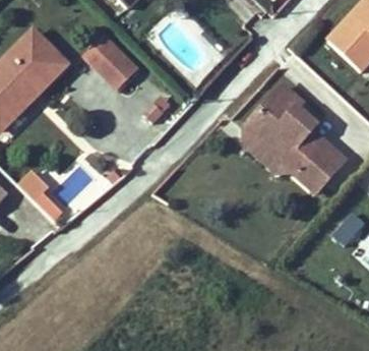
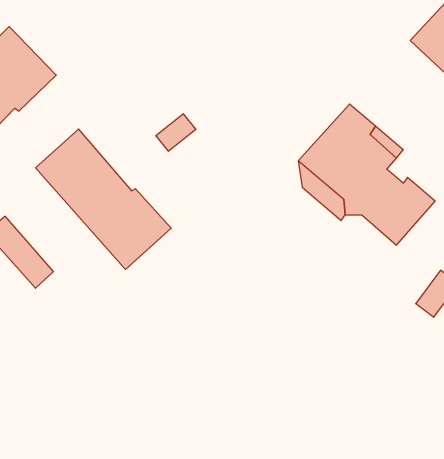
building: [91,41,139,89] -> none
building: none -> [36,129,171,269]

